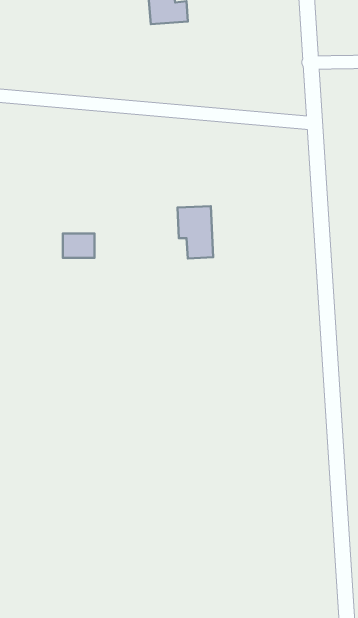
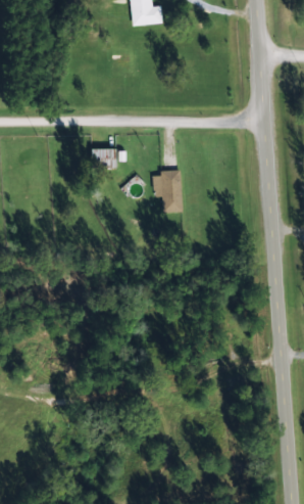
building: [63,234,95,258] -> [92,149,117,169]

